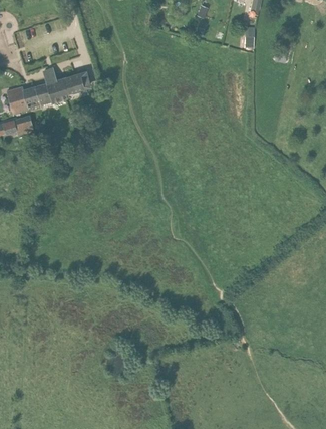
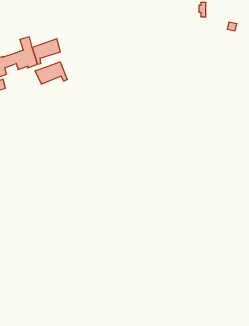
building: none -> [35,62,67,84]

